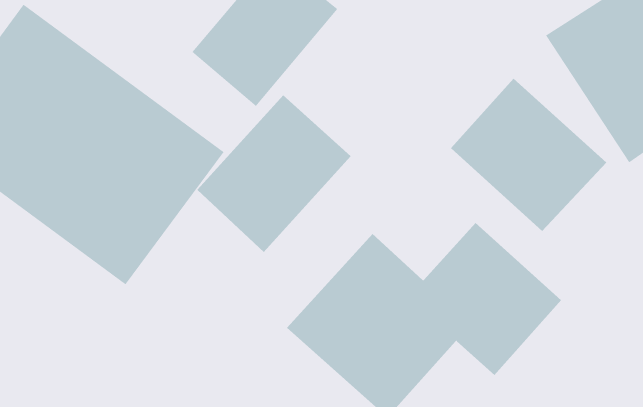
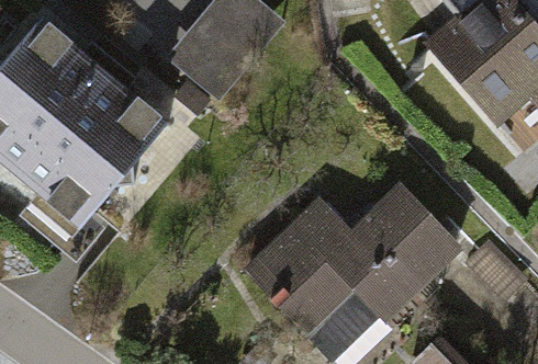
building: [450,78,607,232] -> none
building: [197,95,351,253] -> none

